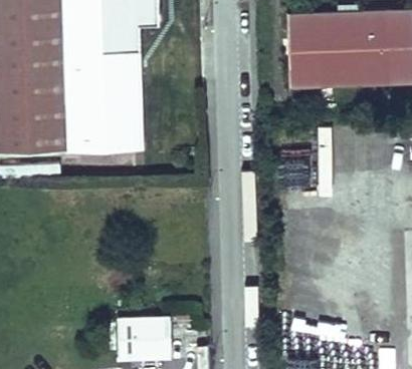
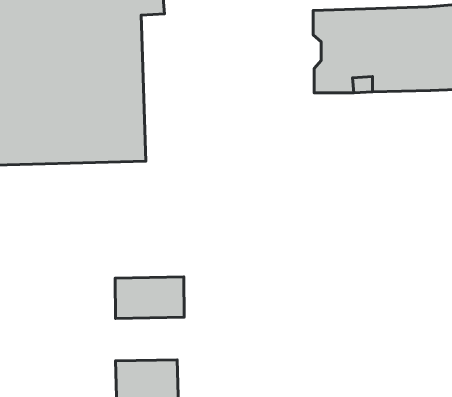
building: none -> [115,277,184,318]

